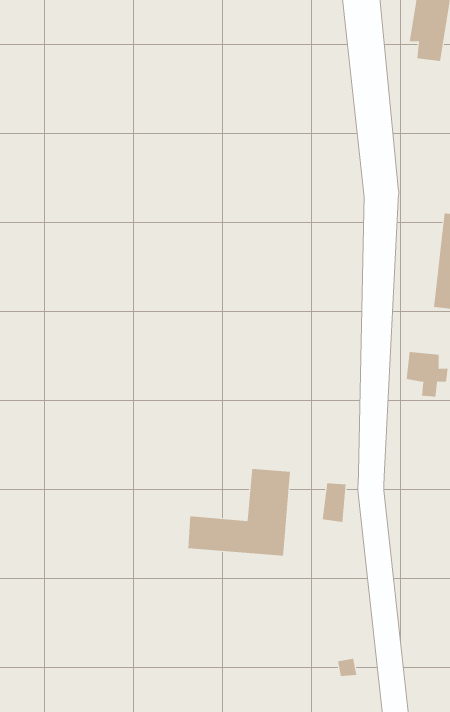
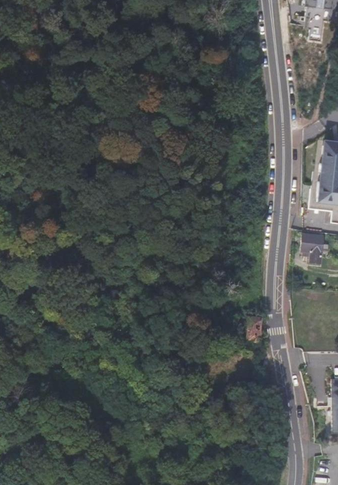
building: [188,468,290,556] -> none

